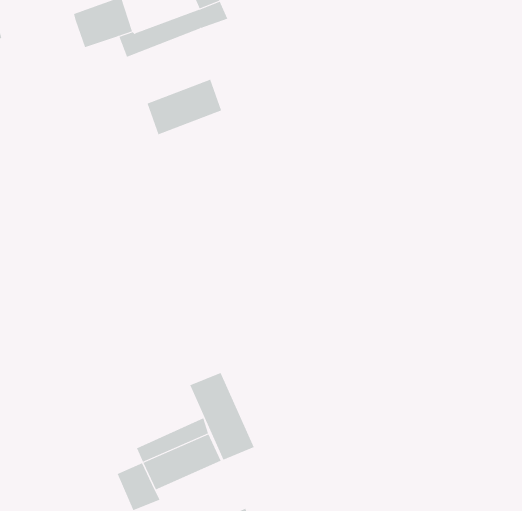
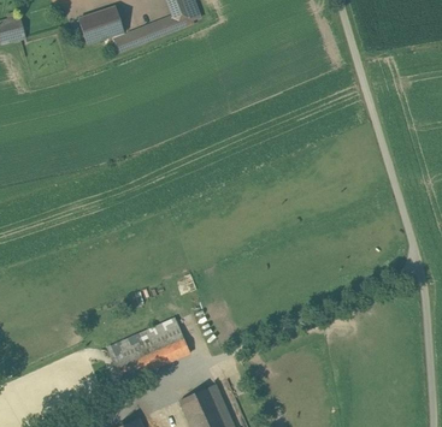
building: [147,79,222,135] -> none
building: [190,372,254,461] -> none

